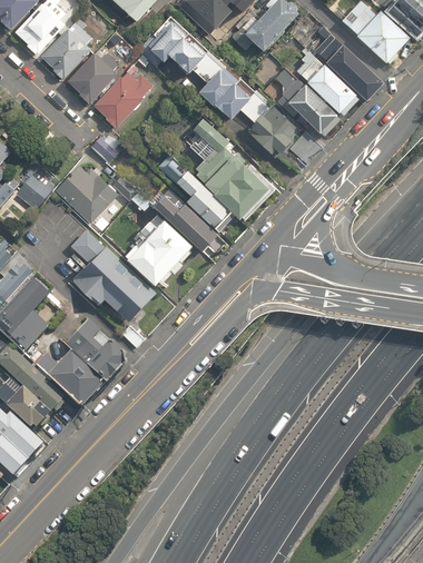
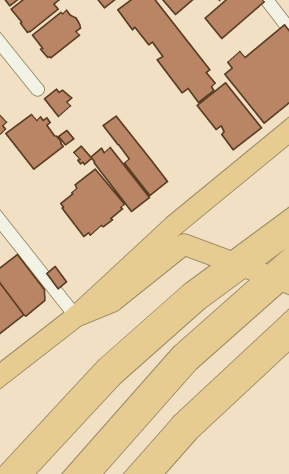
building: [92,66,153,127] -> none
building: [189,117,275,223] -> none
building: [70,229,156,322] -> none

